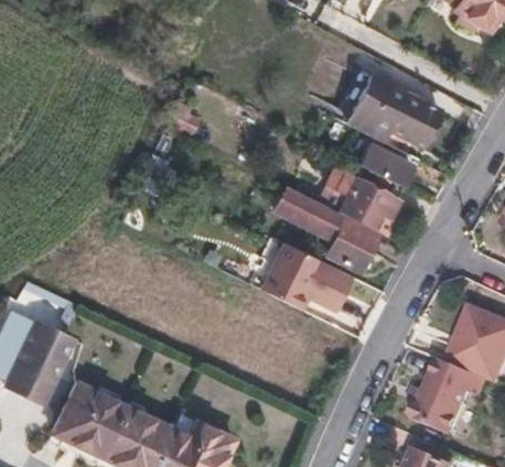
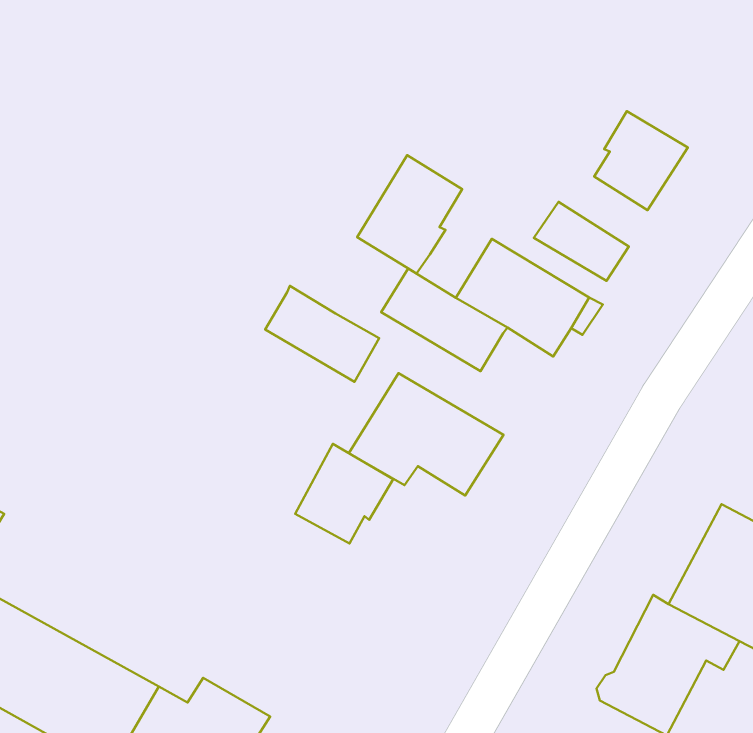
building: [348,74,405,139] -> [357,155,462,273]
building: none -> [265,286,379,382]
building: [327,218,378,270] -> none
building: none -> [295,444,393,543]

